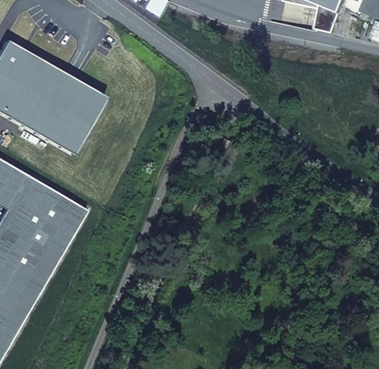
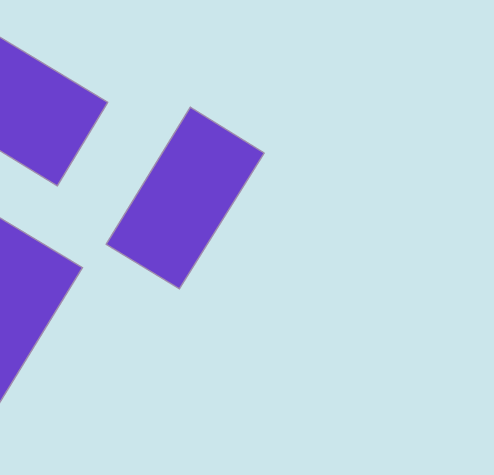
building: none -> [106,107,264,289]

